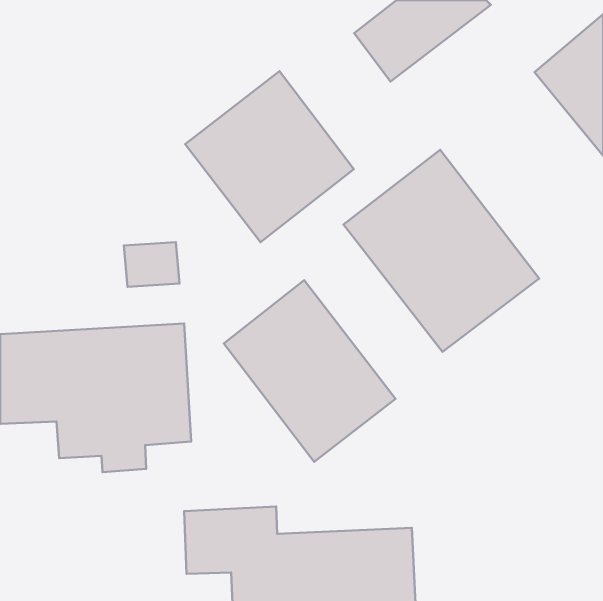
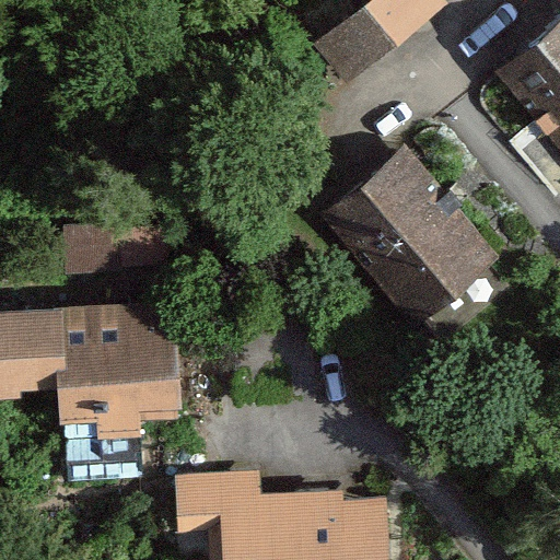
building: [185,71,354,242] -> none
building: [224,280,395,462] -> none

